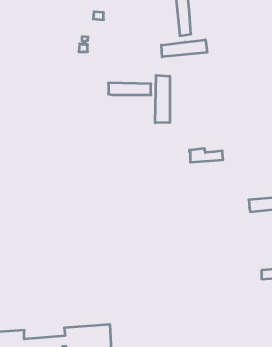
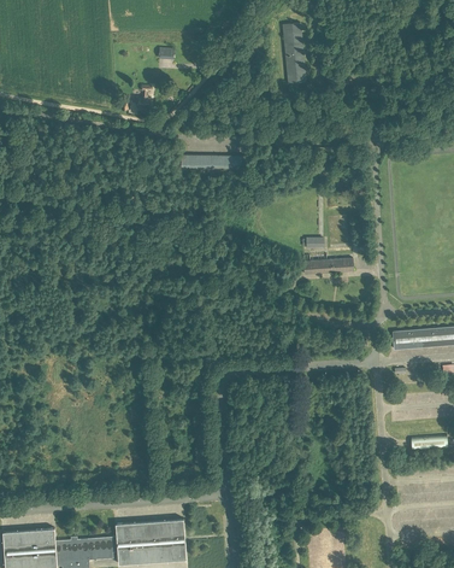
building: [161,40,207,57] -> none
building: [155,75,170,123] -> none

